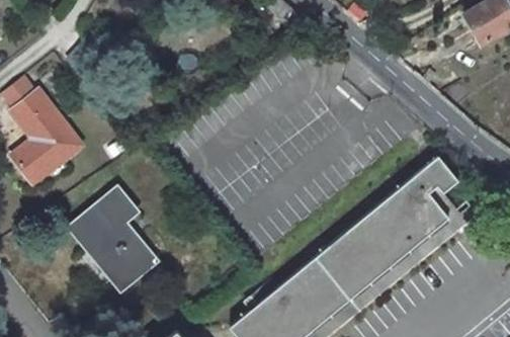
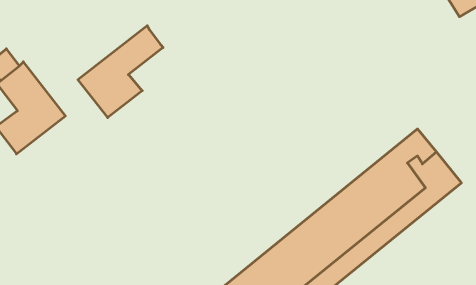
building: none -> [78,26,163,118]
building: [69,187,157,287] -> none

